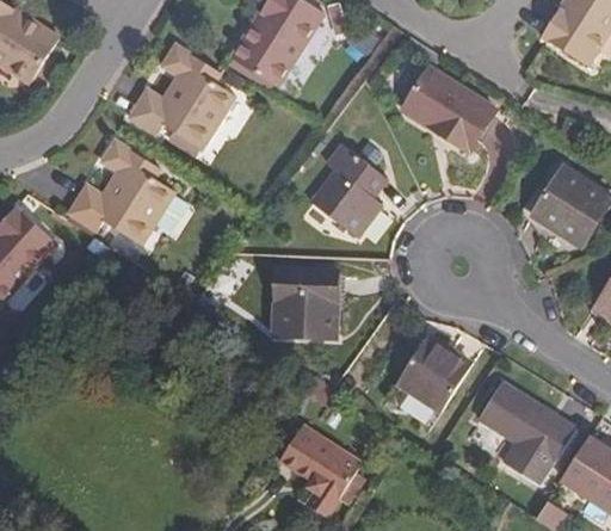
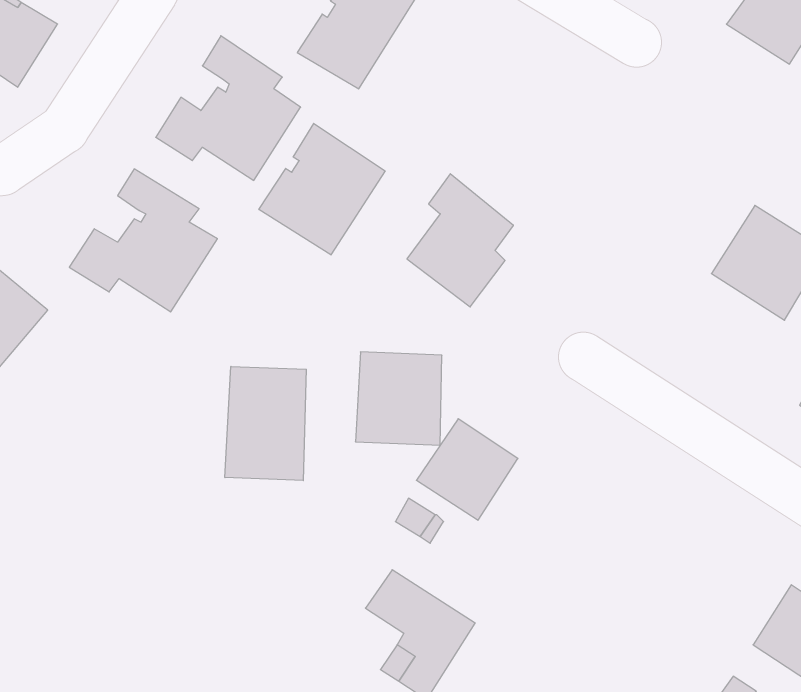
building: [403,68,495,152] -> none
building: none -> [259,123,385,255]
building: none -> [225,366,306,481]
building: [397,338,470,410] -> [416,419,518,520]
building: [479,383,575,484] -> none

